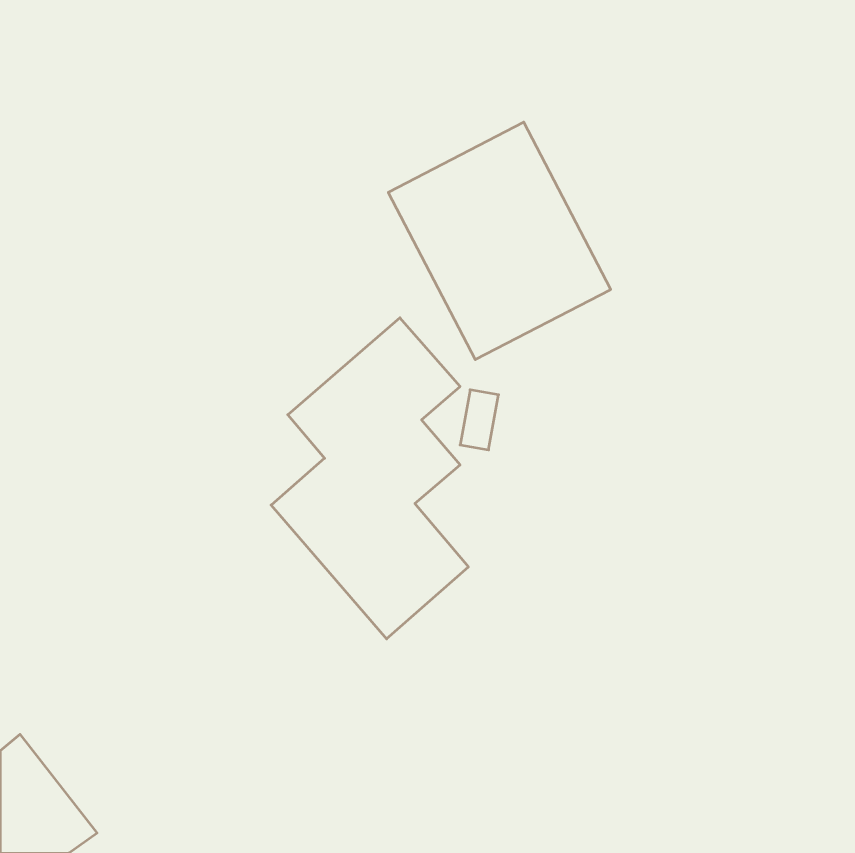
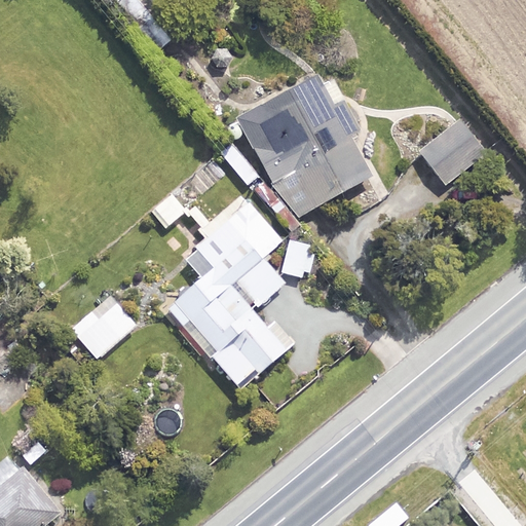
building: none -> [414,118,486,188]
building: none -> [70,295,135,359]

